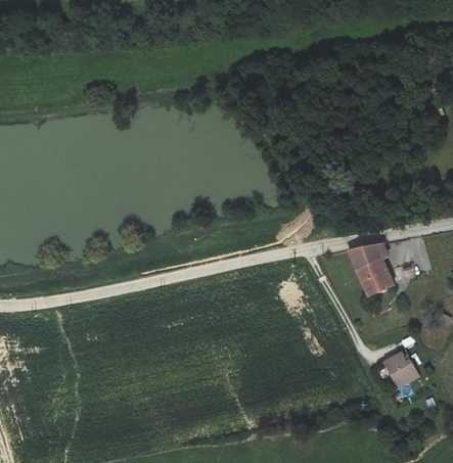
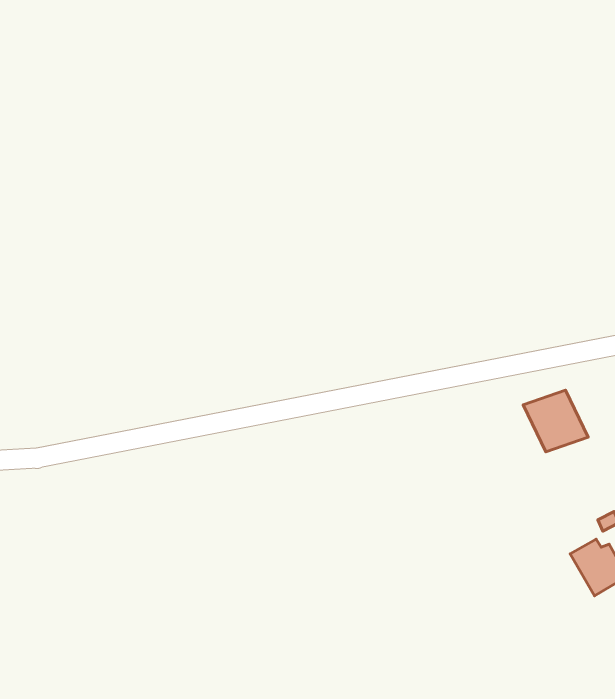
building: [347,243,387,267] -> none

